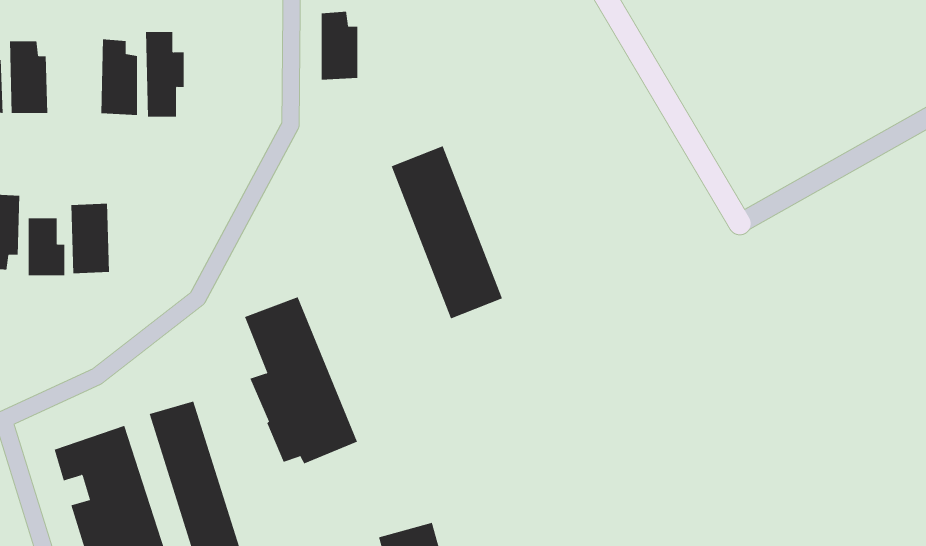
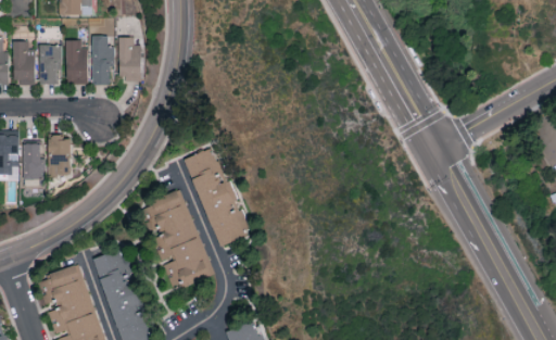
building: [321,11,358,80] -> [118,37,140,77]
building: none -> [39,46,62,85]
building: [391,145,503,319] -> [184,147,249,248]

